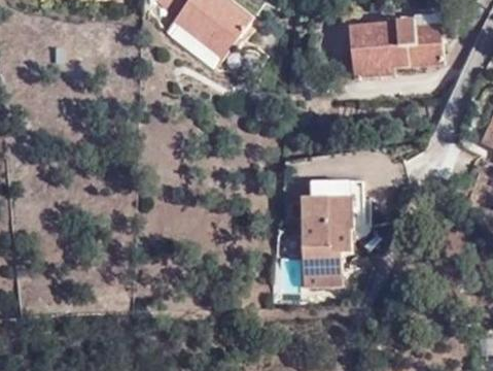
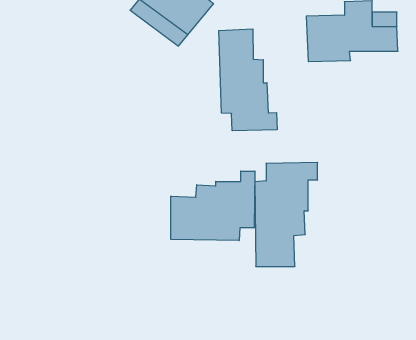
building: none -> [219,29,277,131]
building: none -> [171,171,255,241]

